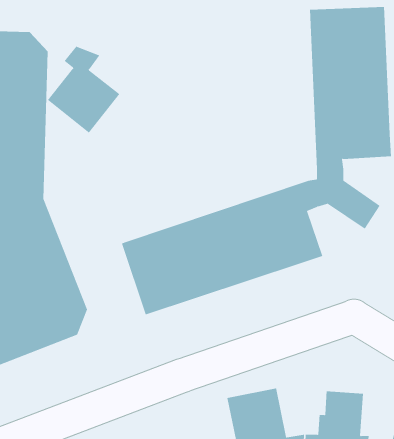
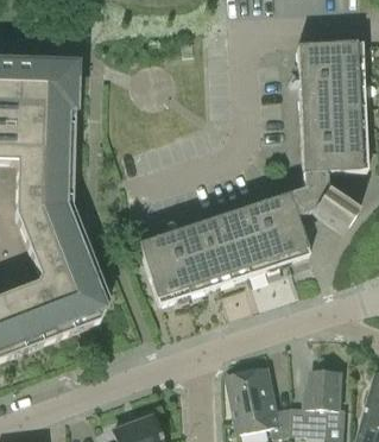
building: [47,46,120,134] -> none

